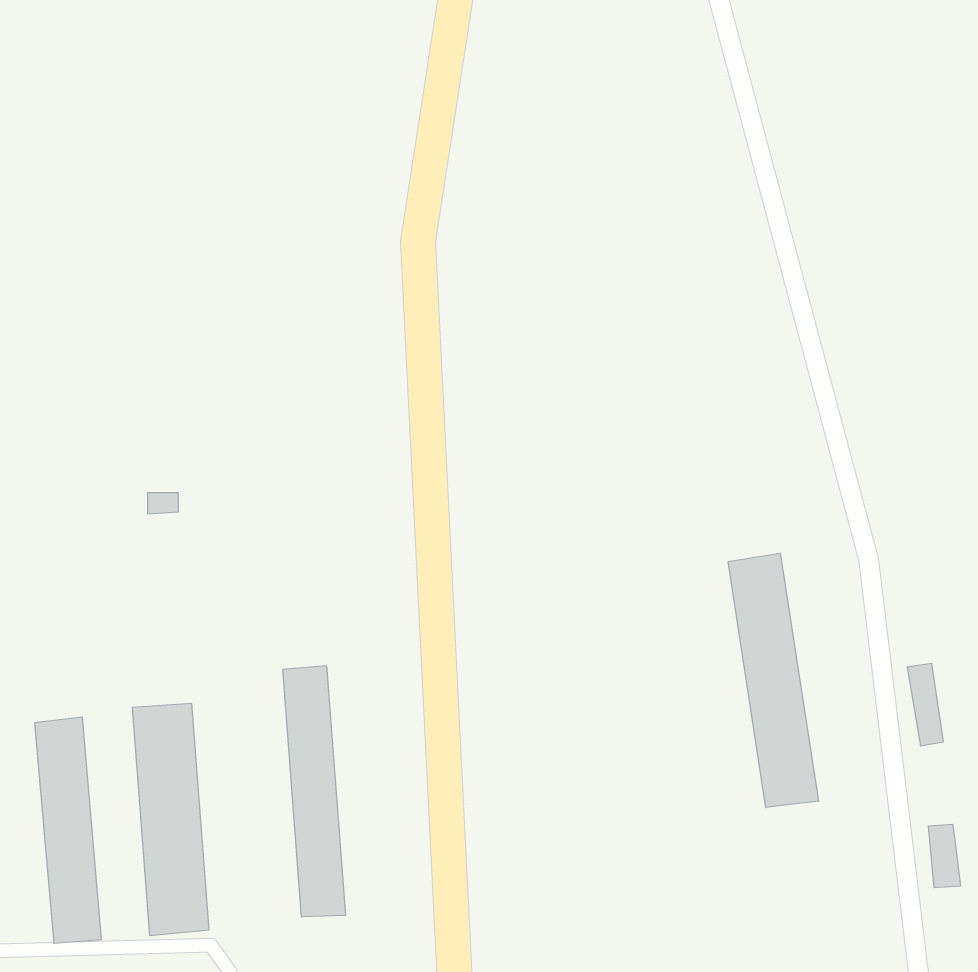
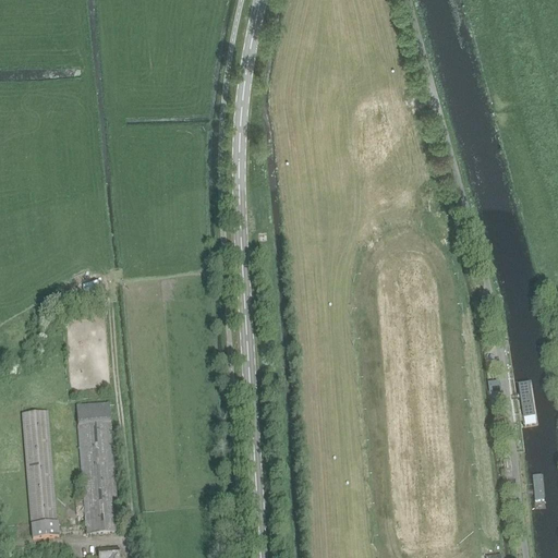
building: [728,553,818,808] -> none
building: [283,666,345,917] -> none

